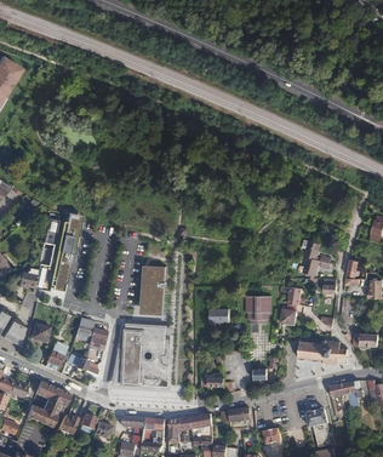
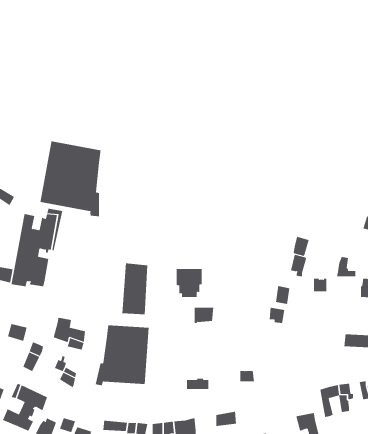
building: none -> [40,141,101,217]
building: [245,296,270,324] -> [176,268,203,298]
building: [298,338,349,364] -> none

